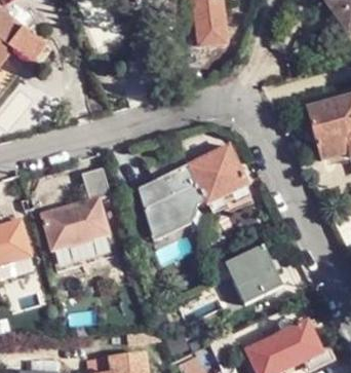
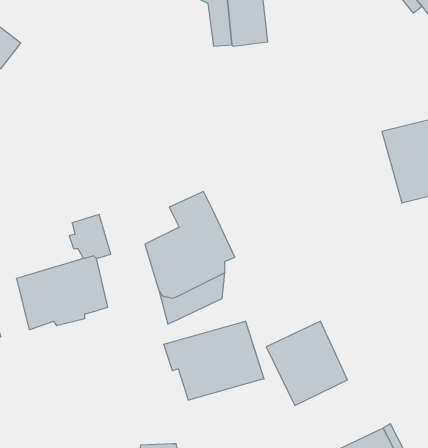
building: [185,145,246,203] -> none
building: none -> [164,321,264,400]

